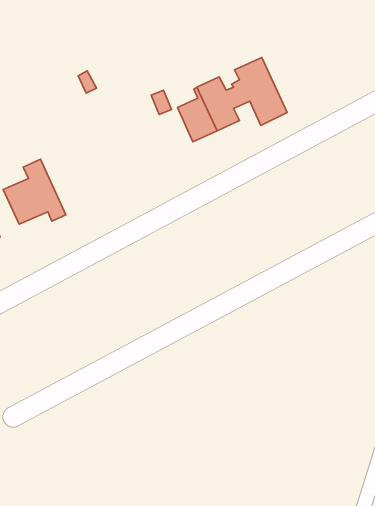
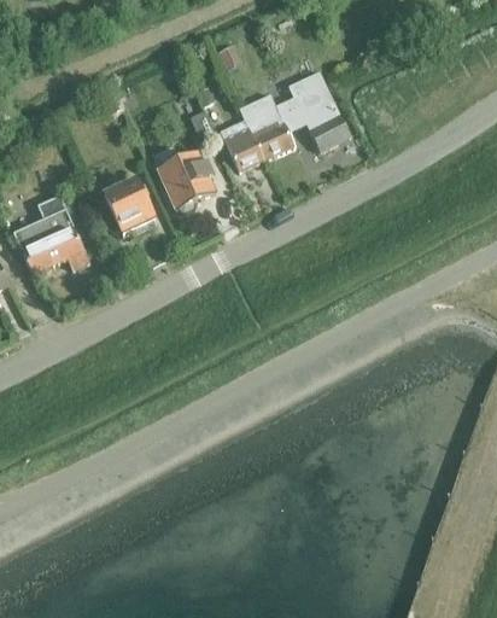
building: none -> [159,150,216,209]
building: none -> [105,177,156,231]

